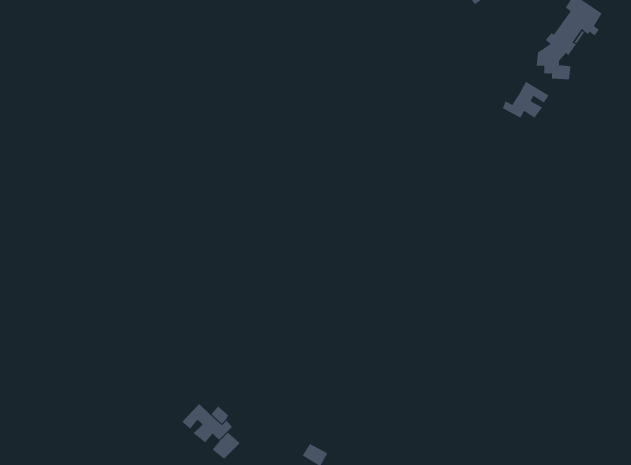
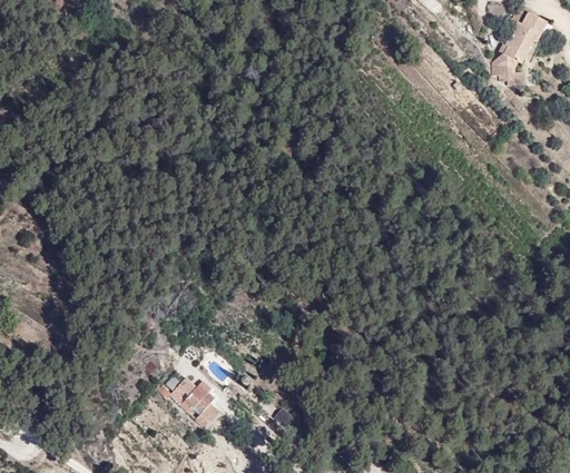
building: [502,81,549,119] -> none

